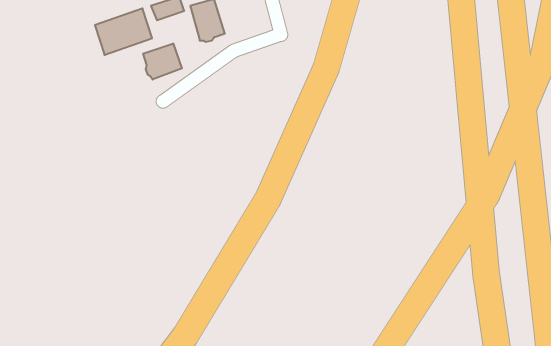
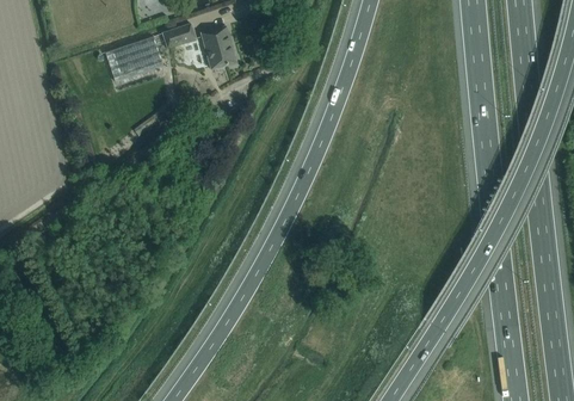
building: [143,43,182,80] -> none

